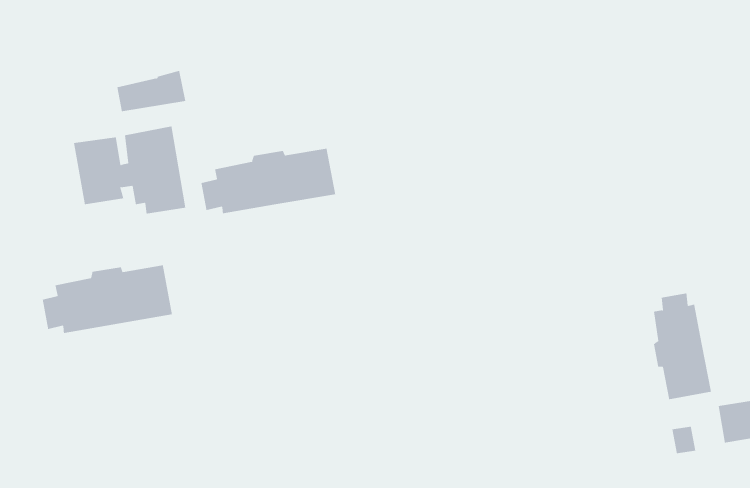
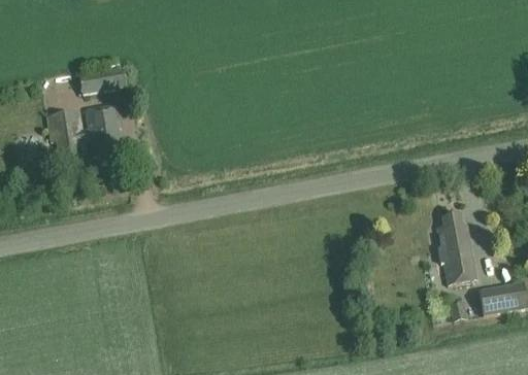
building: [201,148,336,214] -> none
building: [42,264,172,334] -> none

